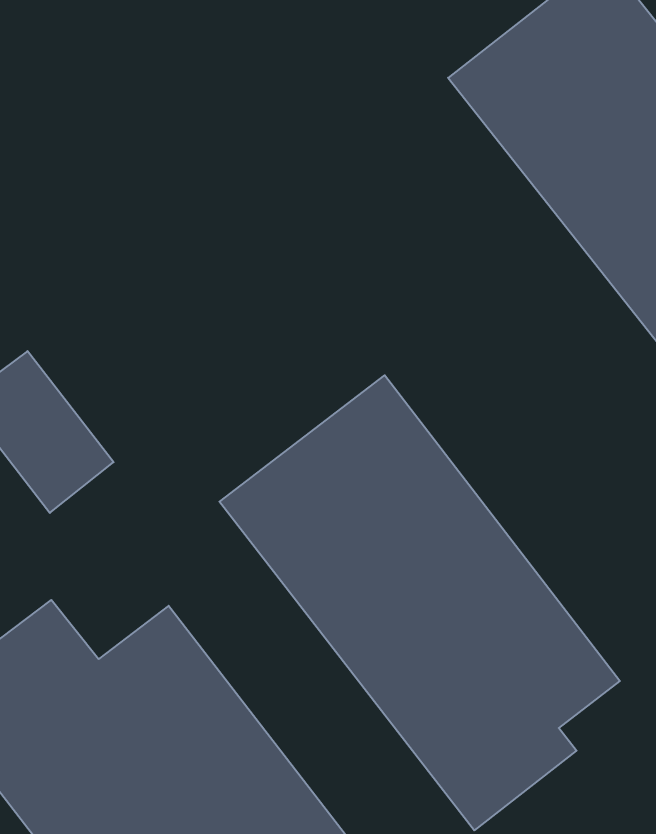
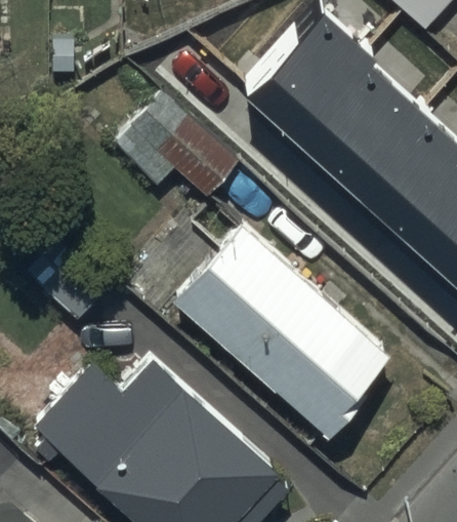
building: none -> [114,94,236,193]

